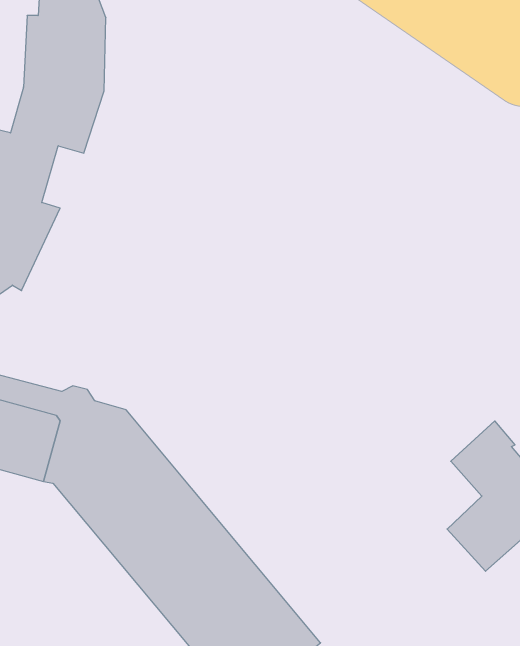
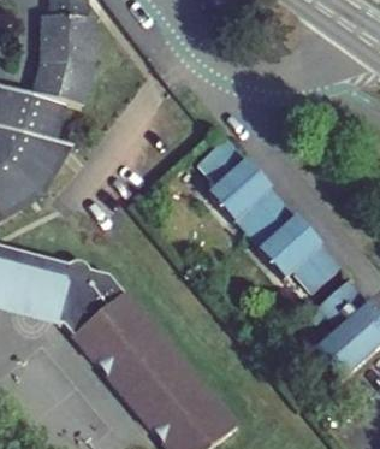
building: none -> [200,136,344,291]

